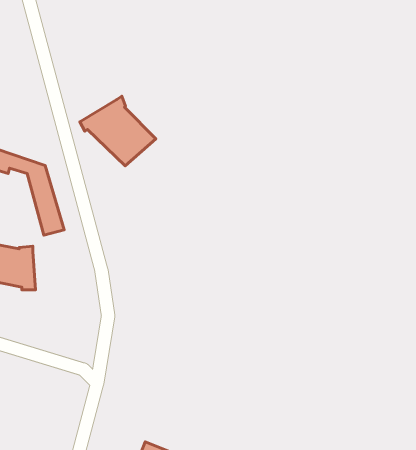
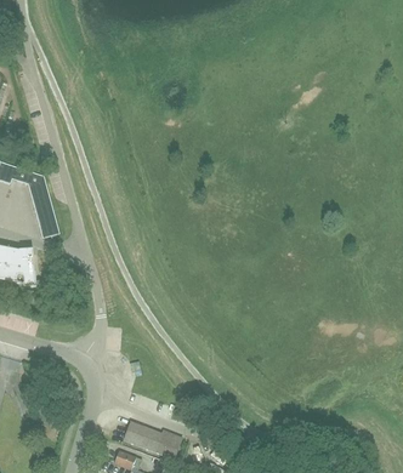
building: [80,96,156,166] -> none

